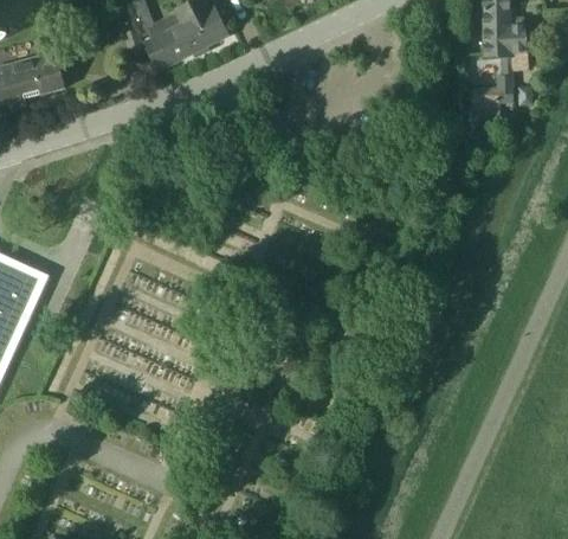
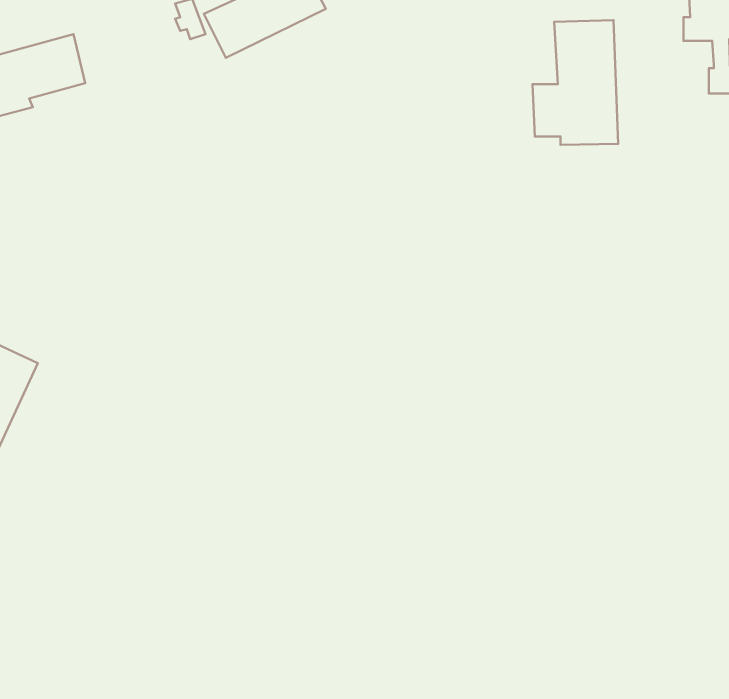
building: none -> [532,20,618,145]
building: [471,85,499,120] -> none

